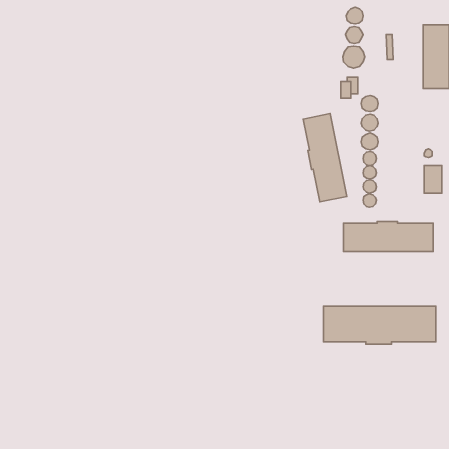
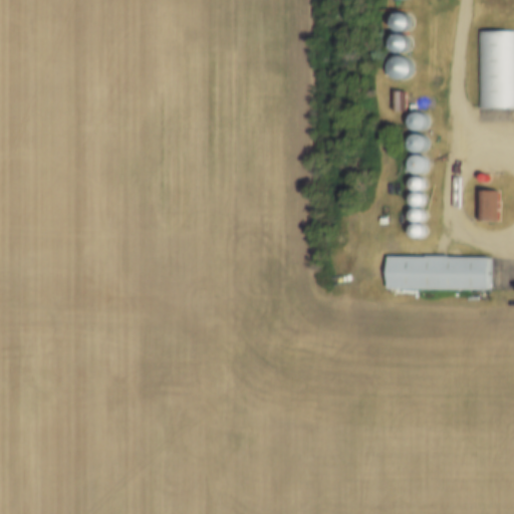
building: [303,114,347,202] -> none
building: [324,306,436,344] -> none

